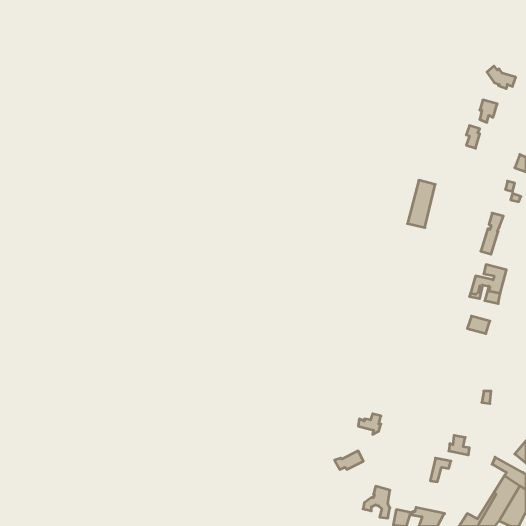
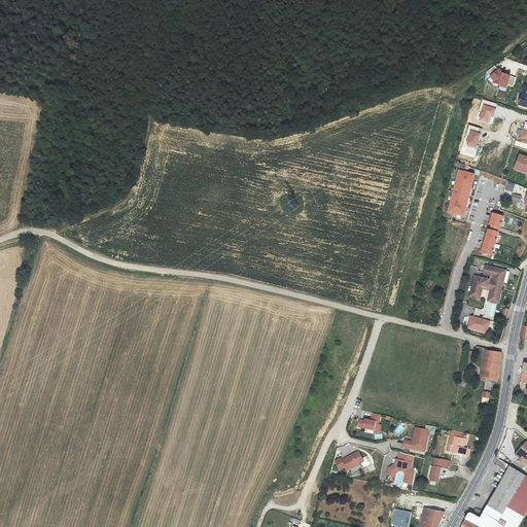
building: [407,180,435,228] -> [447,169,475,216]
building: none -> [481,350,501,380]
building: none -> [403,427,430,452]
building: [363,486,390,518] -> [387,452,414,484]

